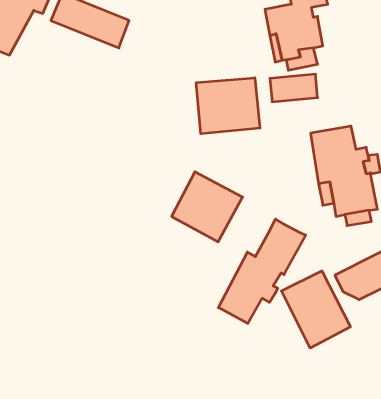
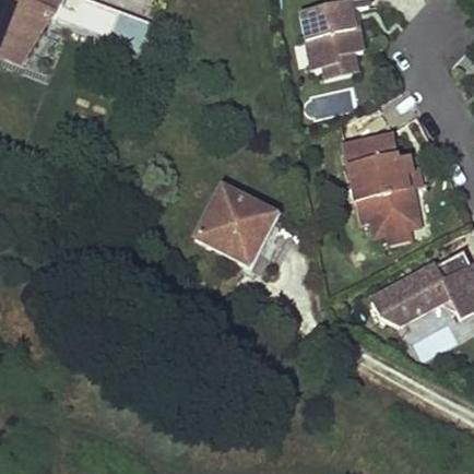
building: [196,78,260,134] -> none
building: [218,219,306,323] -> none
building: [281,271,350,348] -> none

